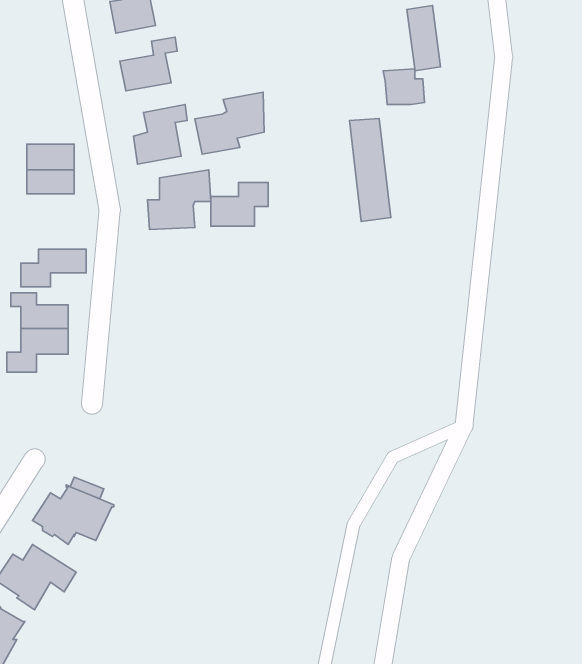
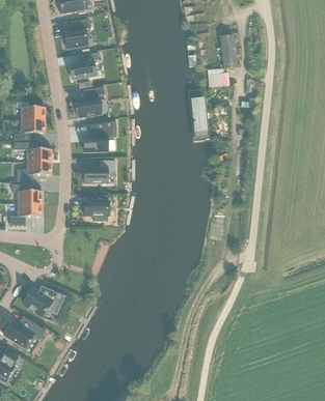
building: [195,92,264,154] -> none
building: [211,183,268,226] -> [83,160,113,182]
building: none -> [12,142,50,162]
building: none -> [83,195,108,221]

